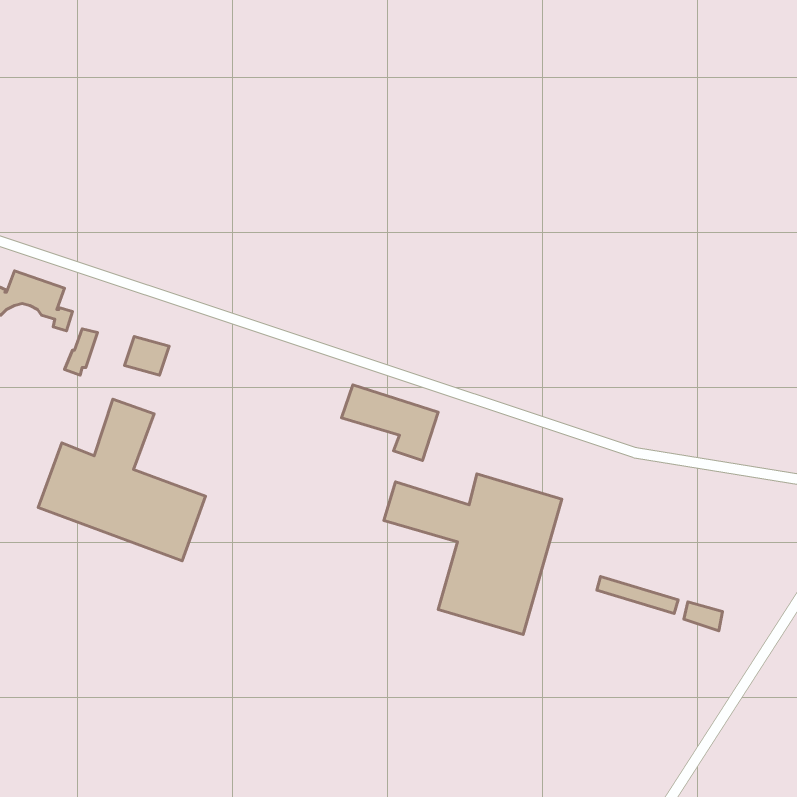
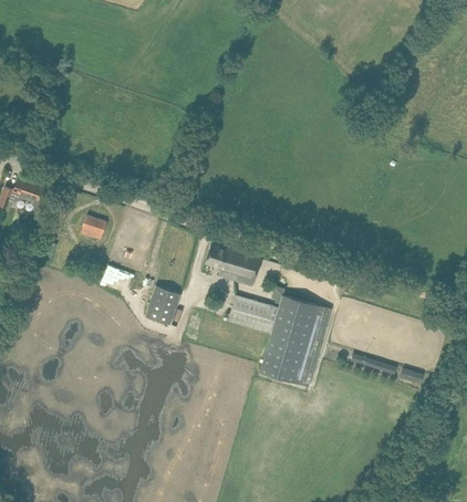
building: [38,399,206,561] -> none
building: none -> [144,284,179,324]

